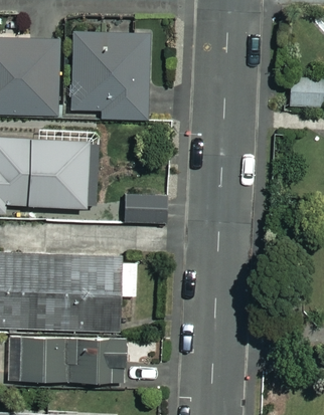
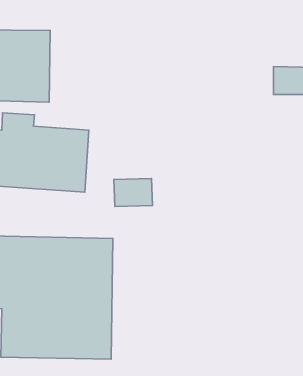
building: [70,21,150,120] -> none

